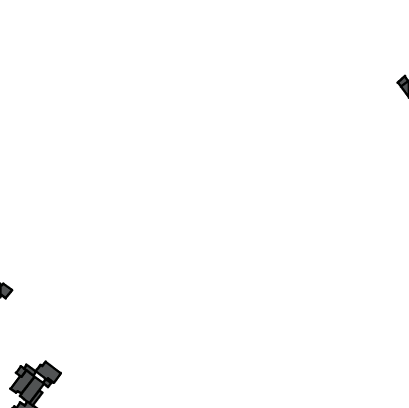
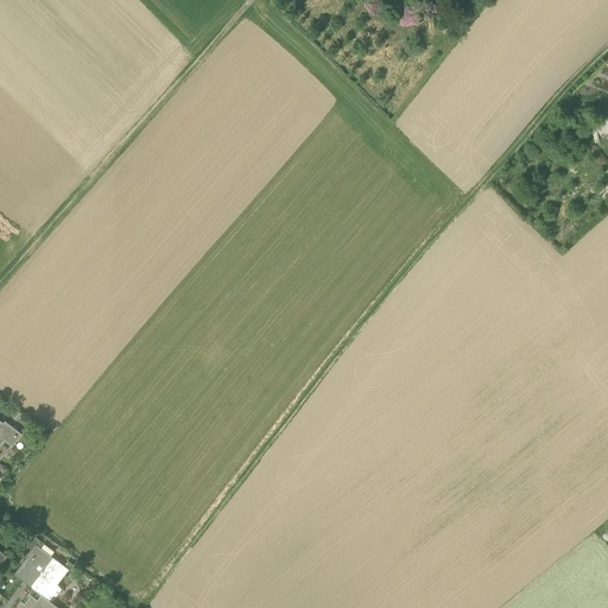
building: [35,362,61,383] -> none

